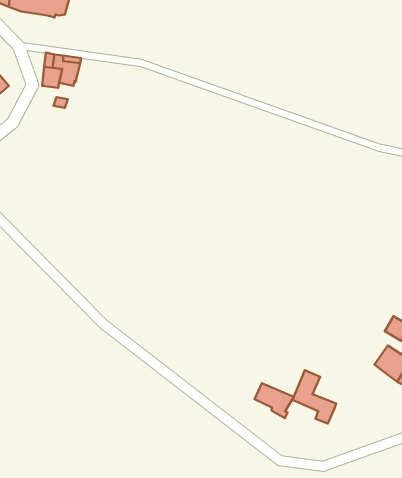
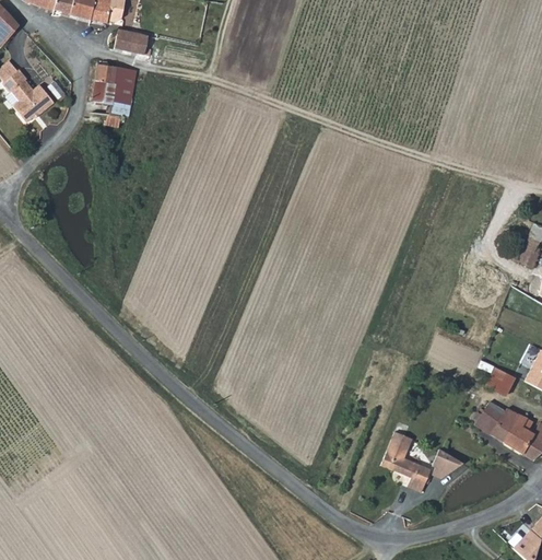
building: none -> [115,30,151,56]
building: [254,383,294,418] -> none
building: none -> [428,450,461,477]

